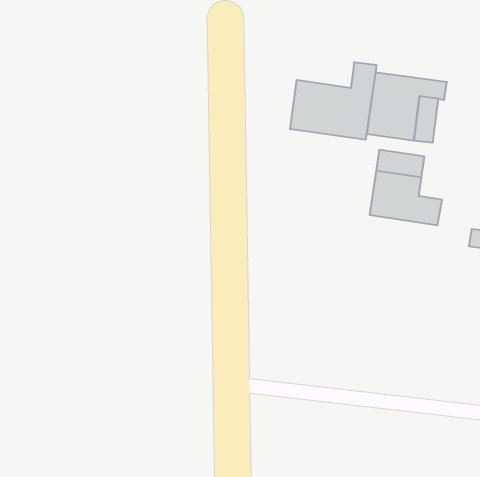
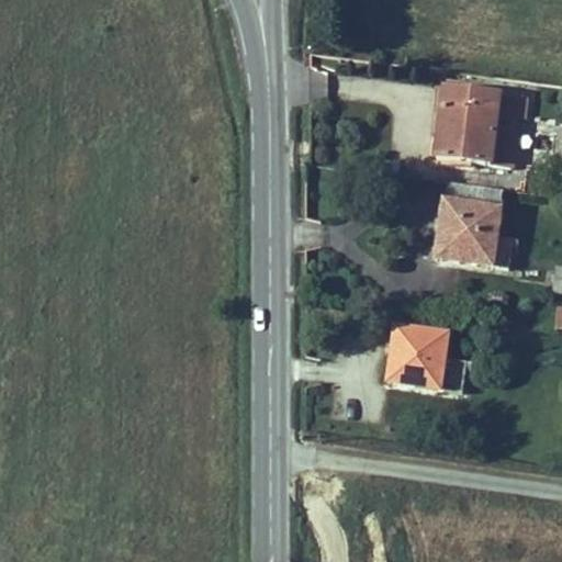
building: [290,62,376,140] -> none
building: none -> [389,327,459,389]

